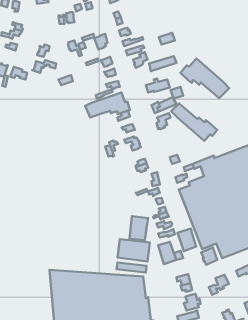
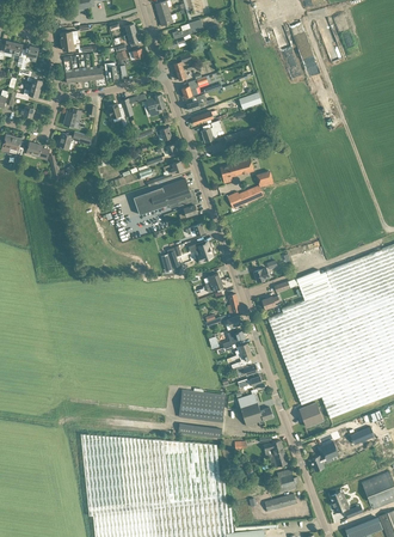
building: [180,59,229,98] -> none
building: [171,103,217,141] -> none
building: [130,216,148,240] -> none
building: [177,229,196,251] -> none

